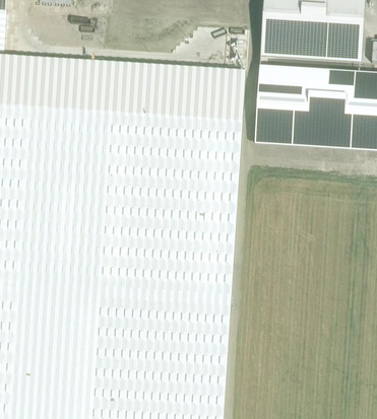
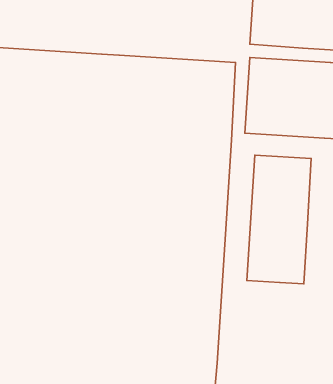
building: none -> [247,155,311,284]

